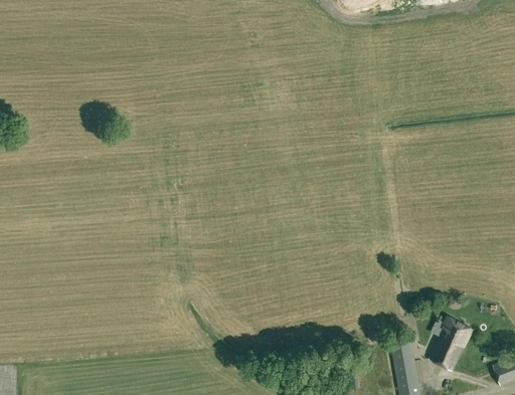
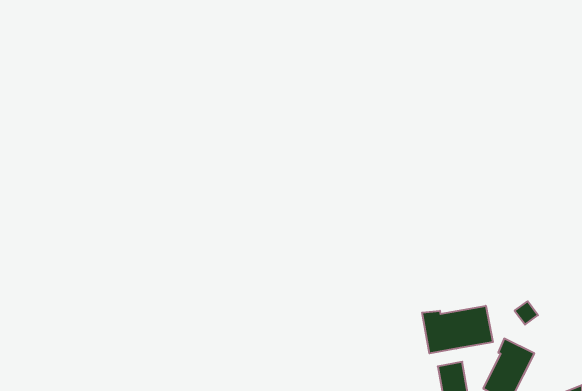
building: none -> [422,306,493,353]

